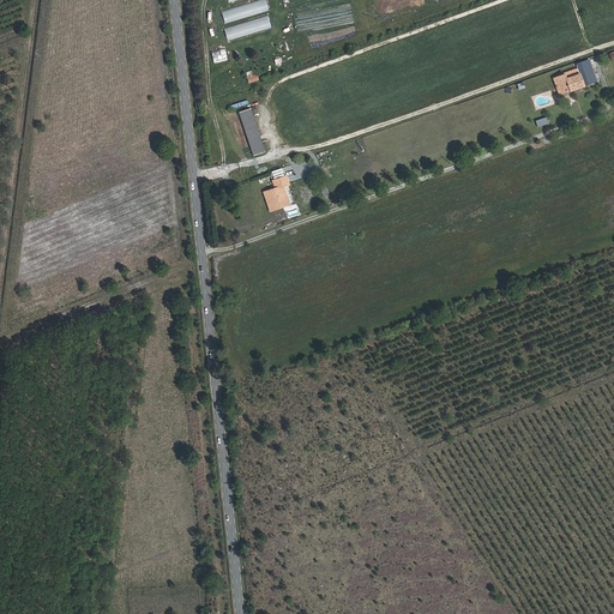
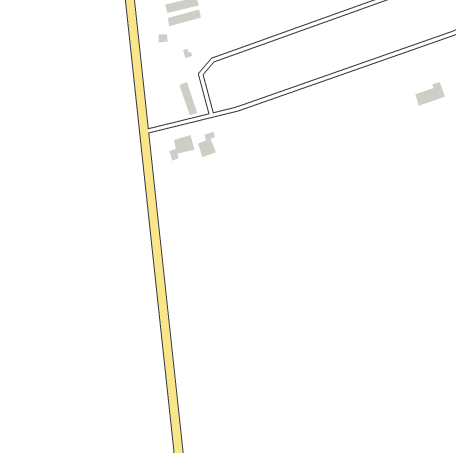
building: [555,61,597,95] -> [414,82,446,107]
building: none -> [169,134,195,161]

